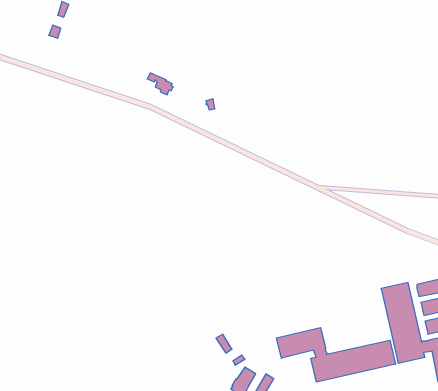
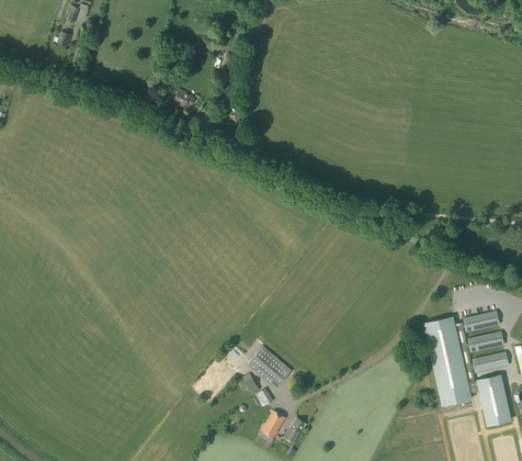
building: none -> [247,346,292,385]
building: [277,328,395,382] -> none

